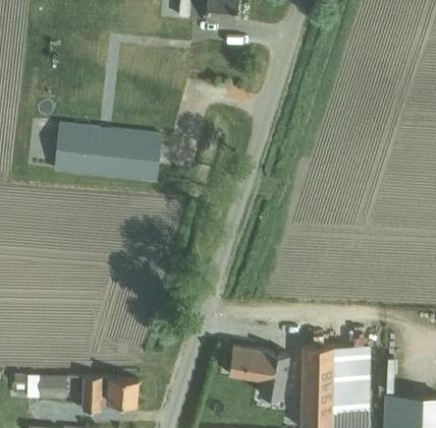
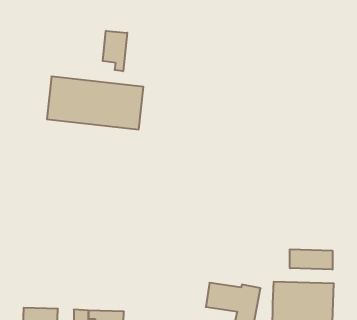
building: none -> [103,31,127,71]
building: none -> [290,249,332,270]

